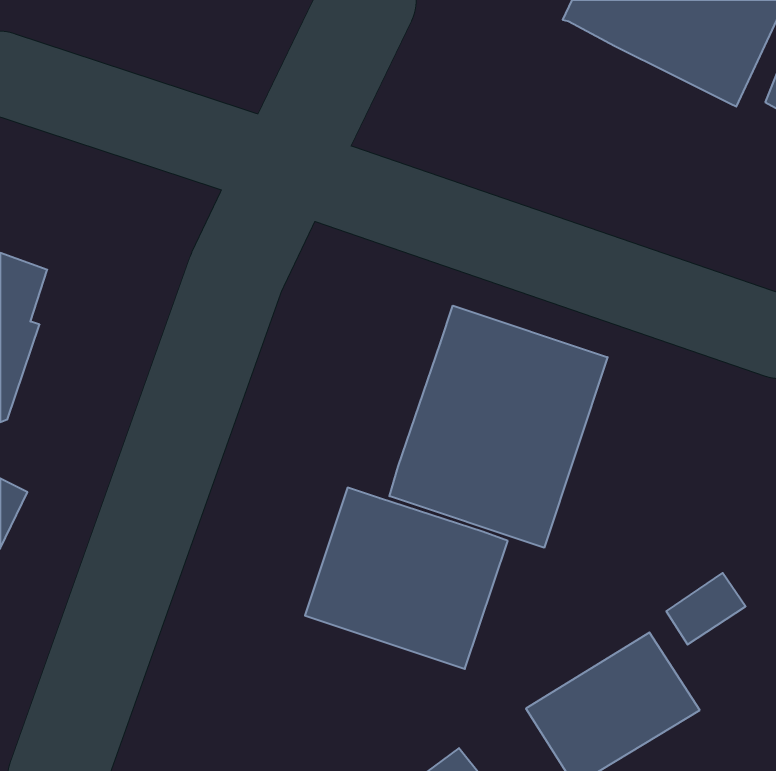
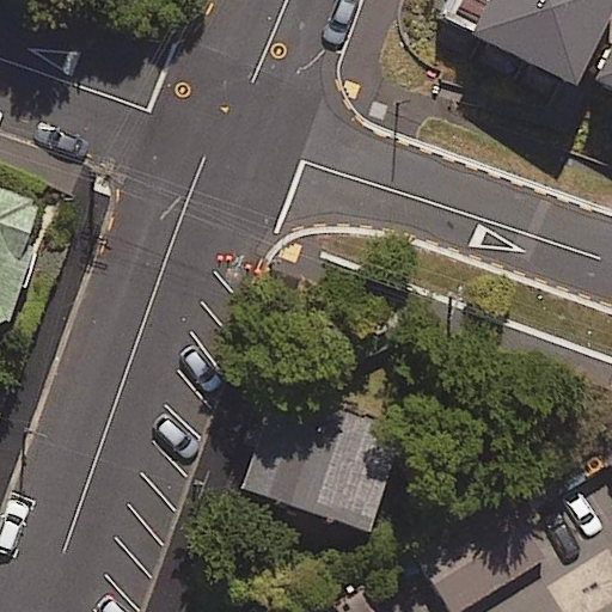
building: [389,306,608,548] -> none

